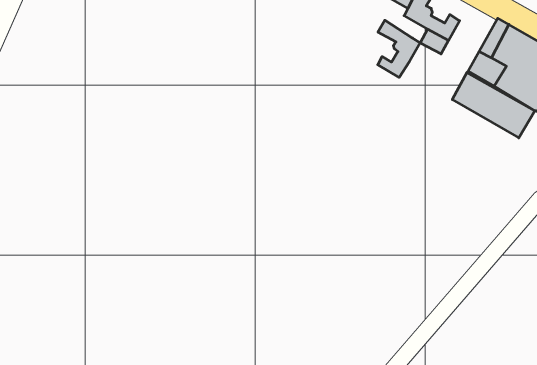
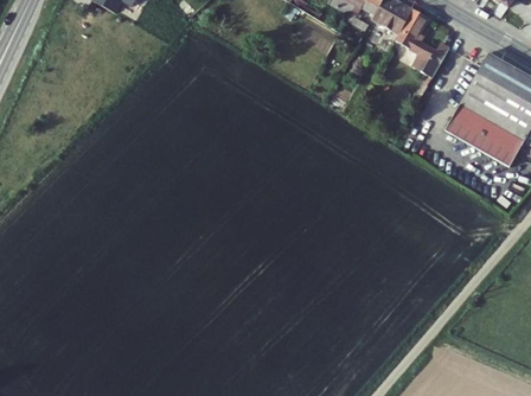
building: [378,20,420,77] -> none

